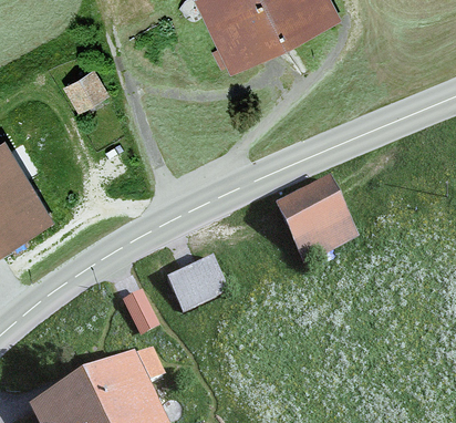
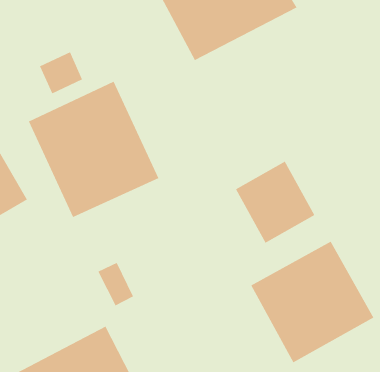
building: none -> [28,81,159,218]
building: [163,258,226,316] -> none
building: none -> [250,241,374,363]

